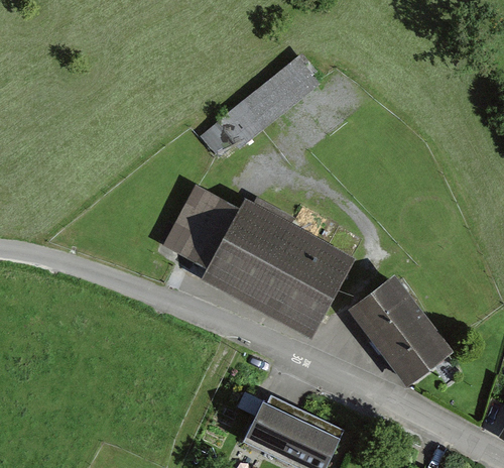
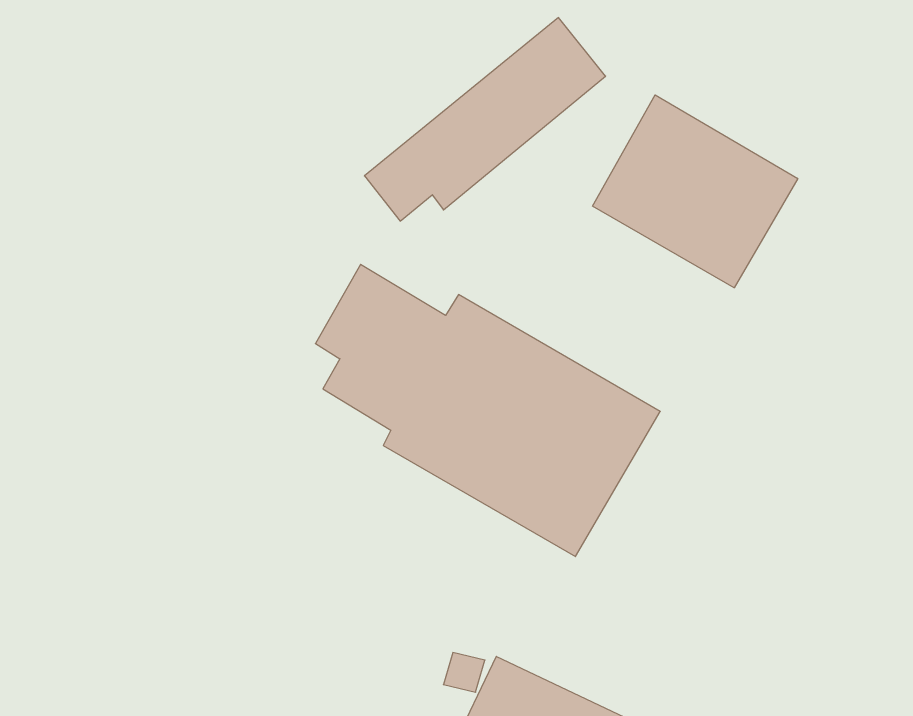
building: none -> [593,95,798,288]
building: [348,277,453,389] -> none

